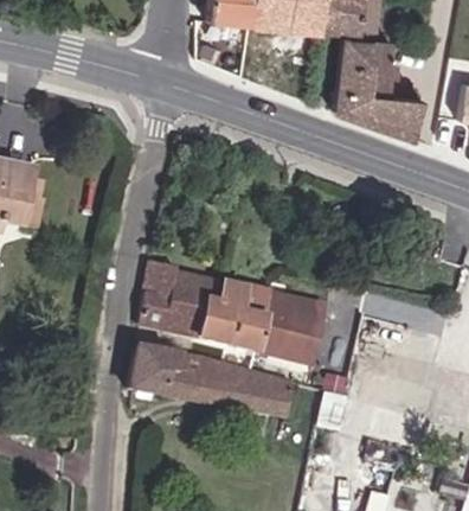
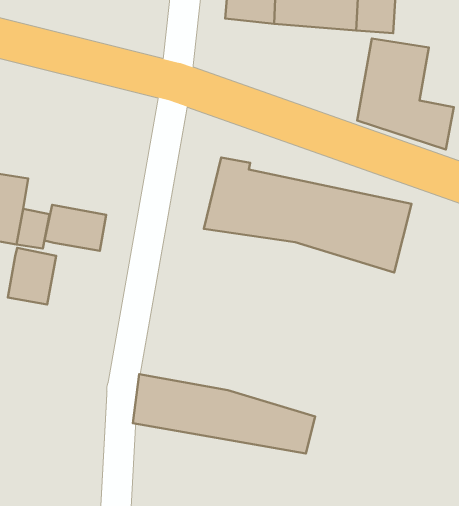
building: none -> [44,205,106,251]
building: none -> [8,248,56,304]
building: [137,257,323,360] -> [204,157,411,273]

